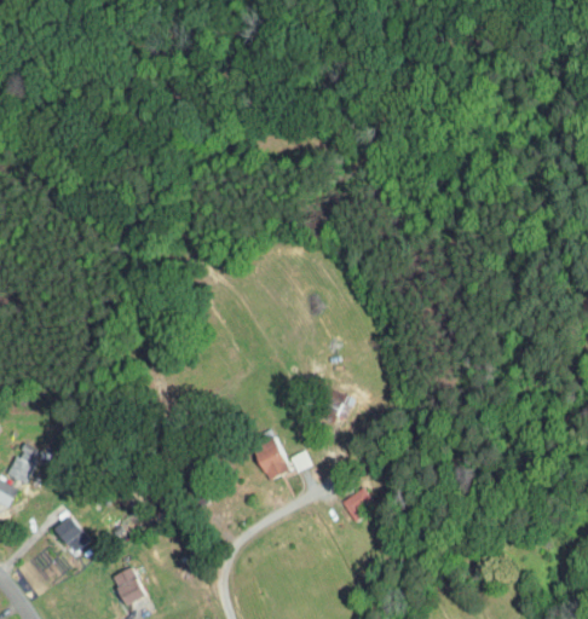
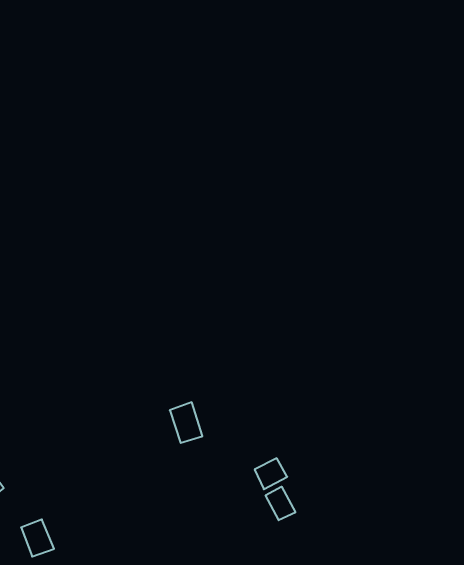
building: [316,387,356,422] -> none
building: none -> [266,487,295,520]

